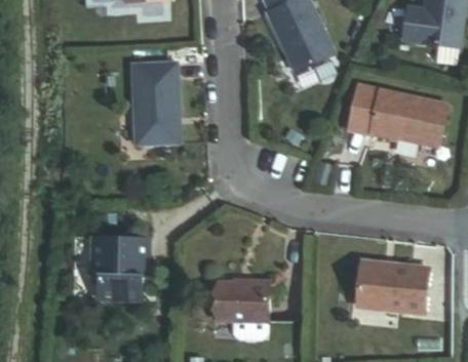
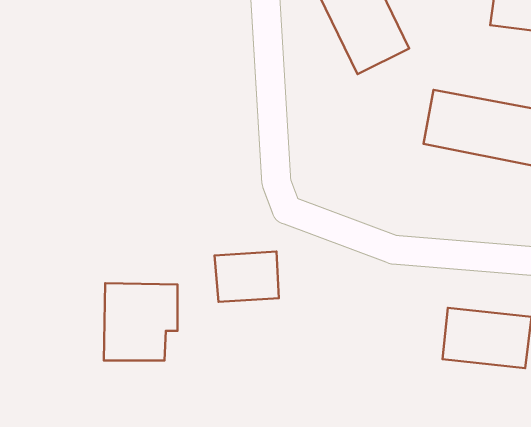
building: [135,65,179,144] -> none
building: [221,281,272,321] -> [215,252,279,302]

